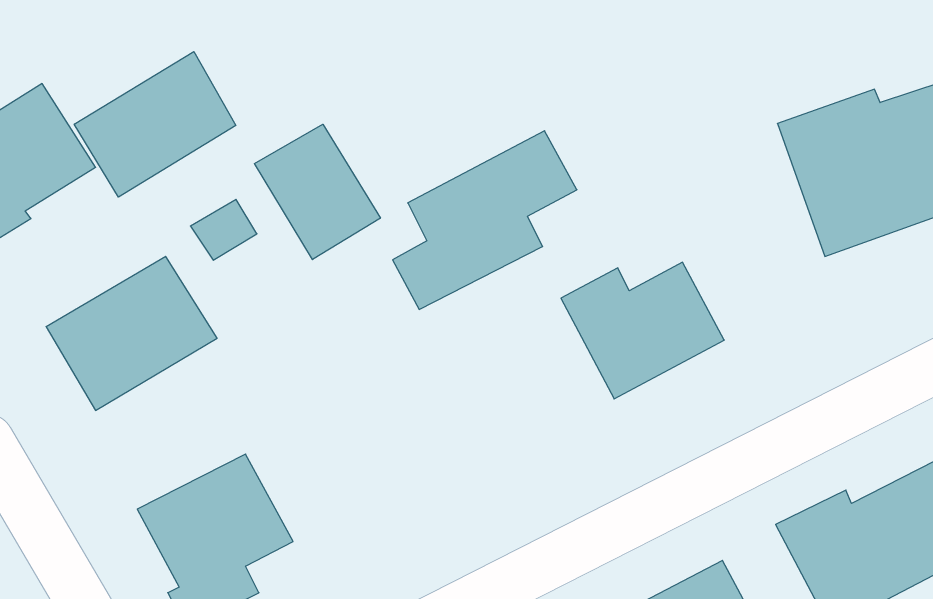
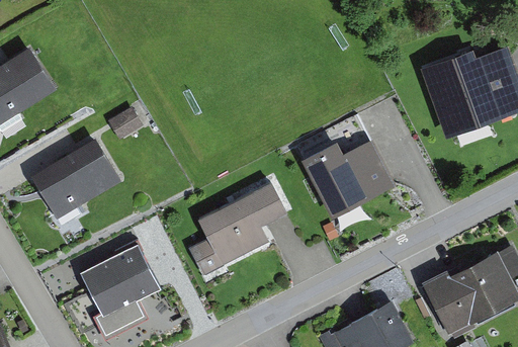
building: [74,52,236,197] -> none
building: [254,124,380,260] -> none
building: [393,131,577,309] -> [189,181,287,276]

